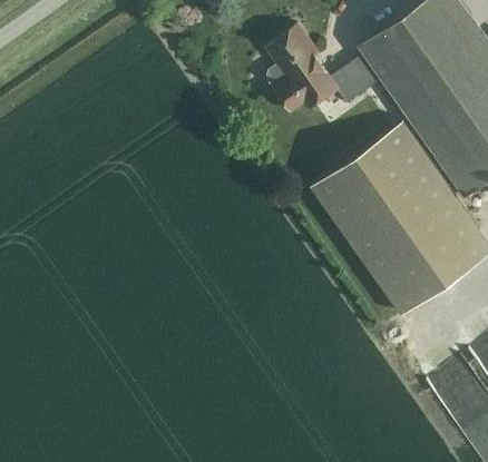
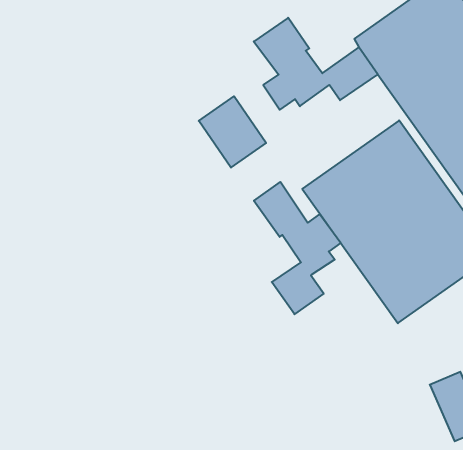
building: none -> [199,96,266,168]
building: none -> [254,182,341,314]

